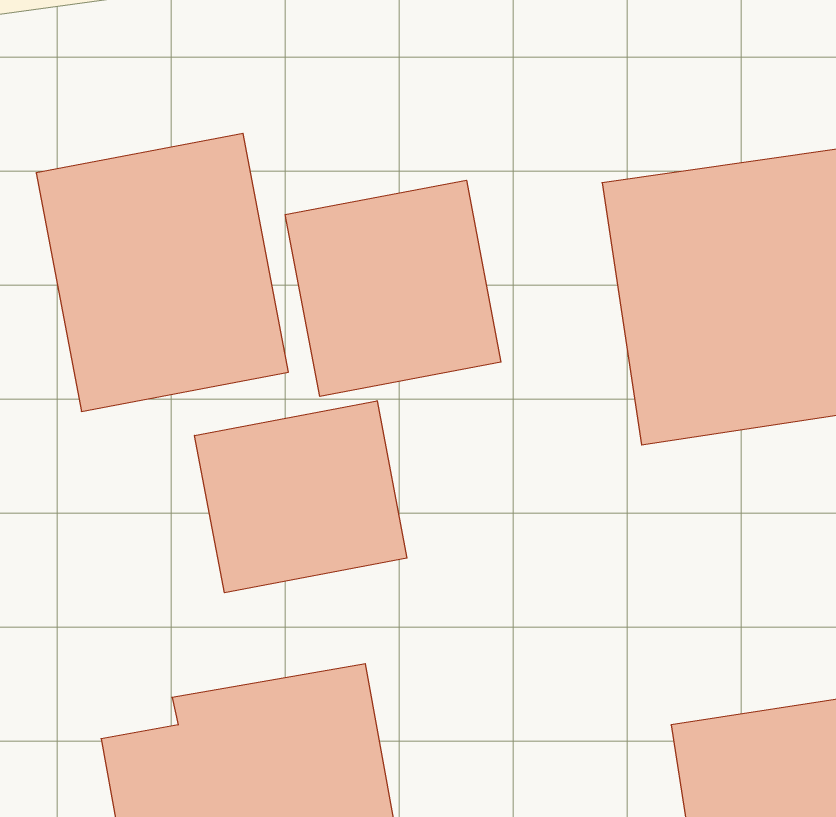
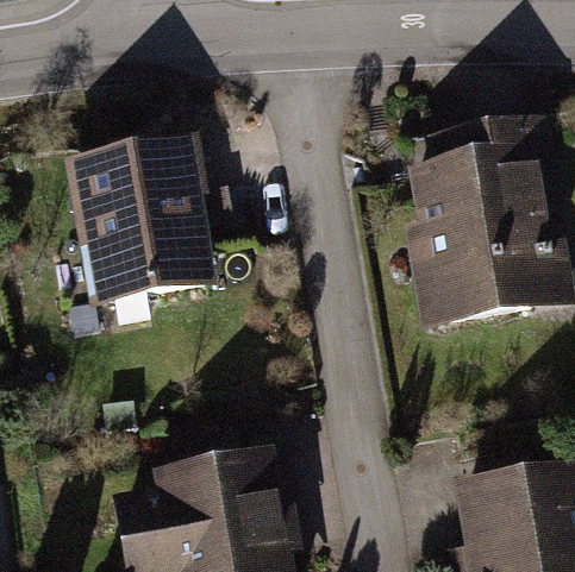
building: [285,180,501,396] -> none
building: [195,401,407,593] -> none

